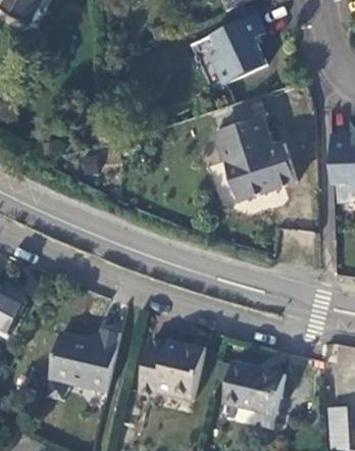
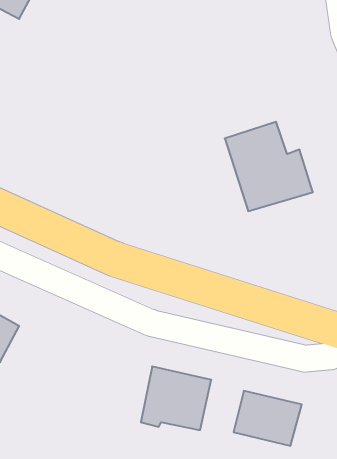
building: [210,15,264,83] -> none
building: [49,328,121,393] -> none

